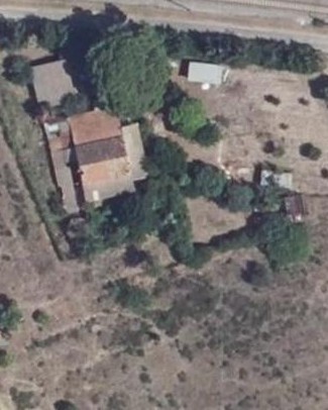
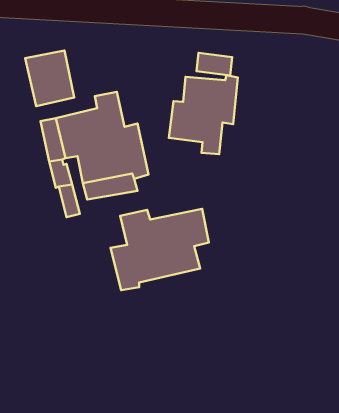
building: none -> [169,75,238,154]
building: none -> [111,209,209,290]

